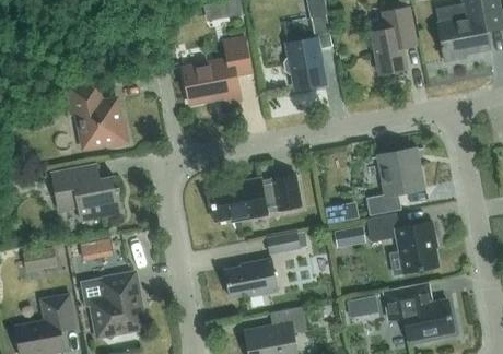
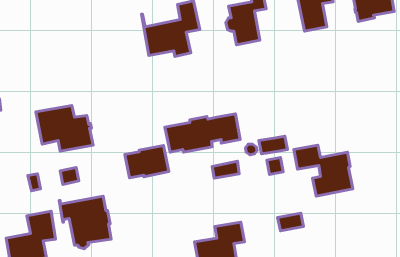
building: [67,83,128,149] -> none
building: [365,148,425,216] -> none
building: [224,259,278,298] -> [125,146,169,178]
building: [383,283,454,341] -> none

